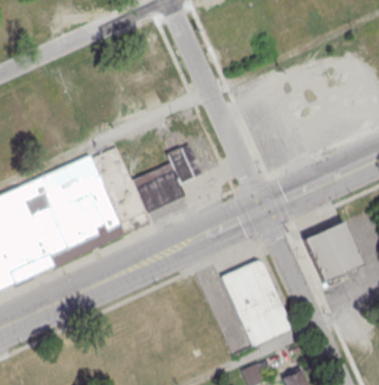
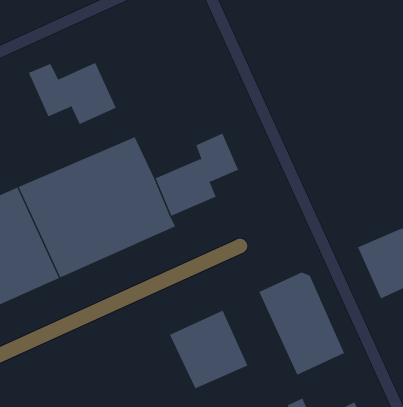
building: none -> [28,62,117,125]
building: none -> [169,310,248,389]

